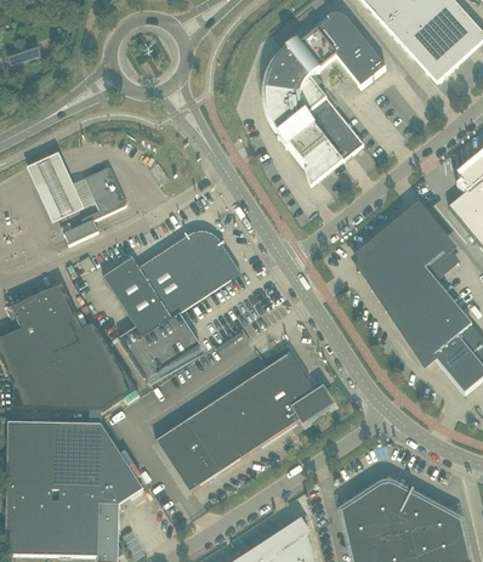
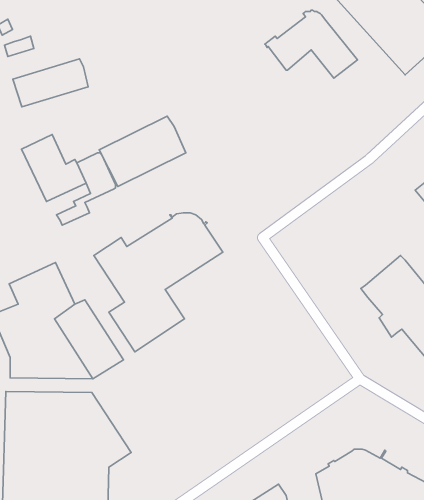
building: [265,50,363,185] -> none
building: none -> [13,59,88,107]
building: none -> [99,116,186,187]
building: [364,209,449,307] -> none
building: [155,344,328,490] -> none

